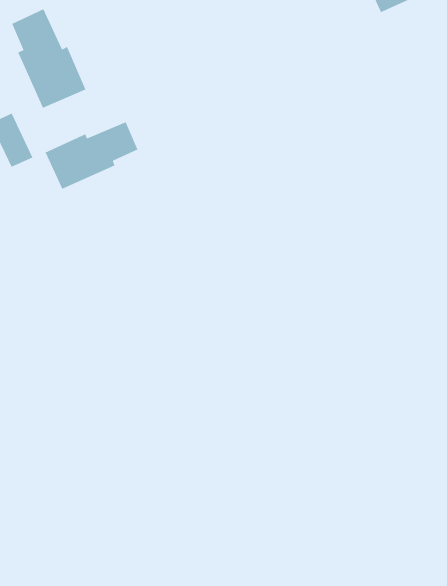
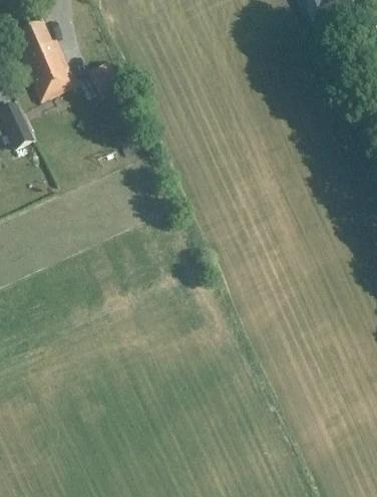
building: [44,121,139,190] -> none

